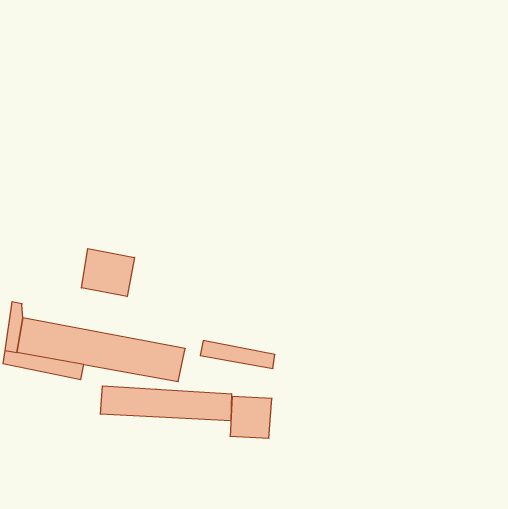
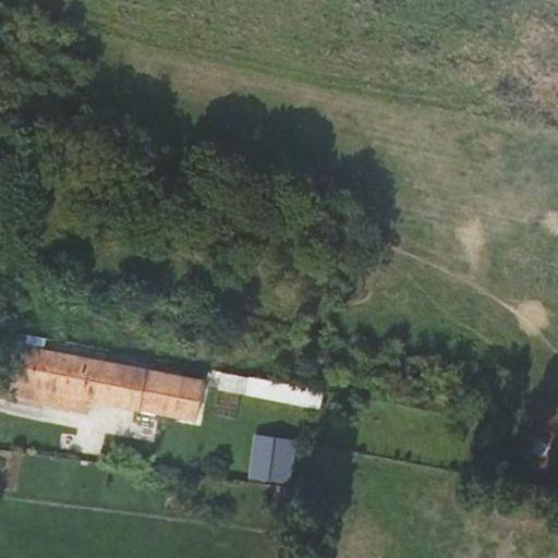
building: [81,249,135,297] -> none
building: [101,386,232,421] -> none

